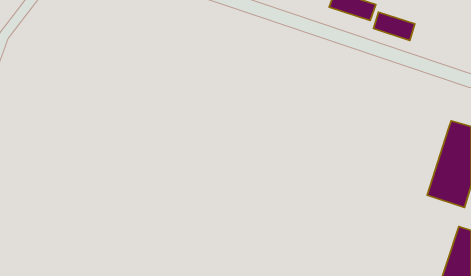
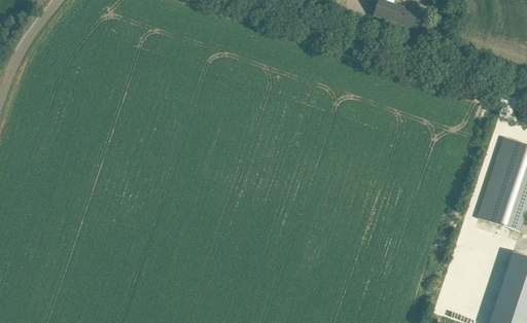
building: [374,12,415,40] -> none

